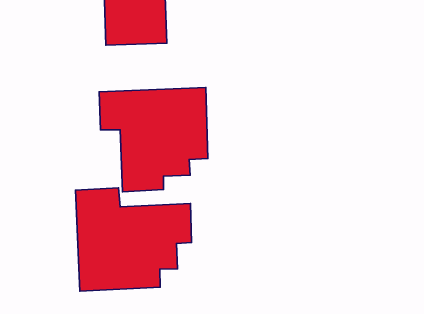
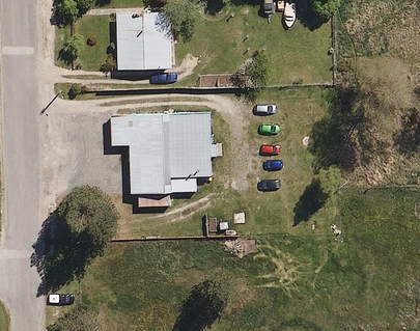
building: [76,188,191,291] -> none

